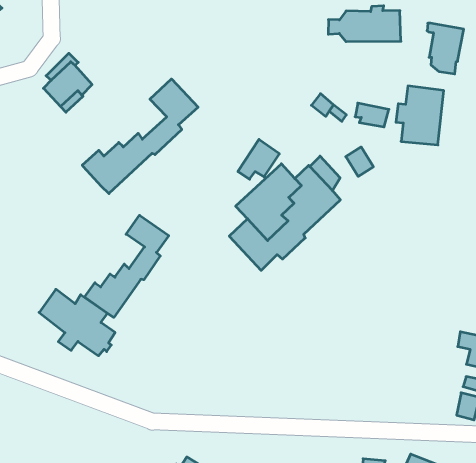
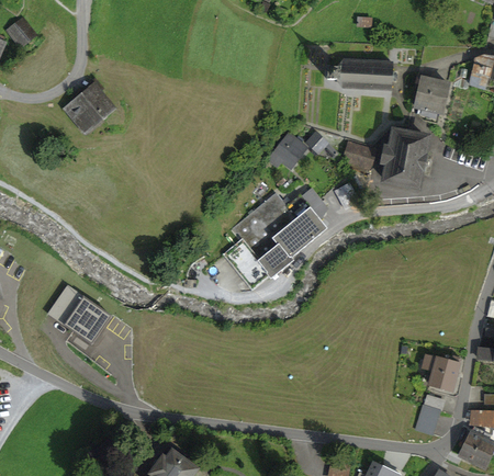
building: [82,79,198,194] -> none
building: [238,139,279,179] -> [267,132,305,167]
building: [85,215,169,317] -> none

